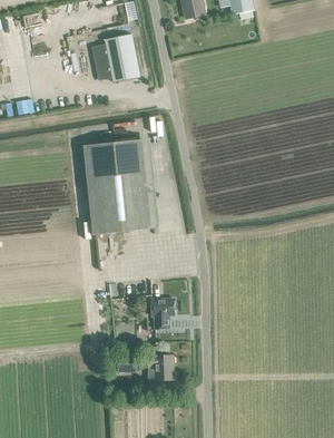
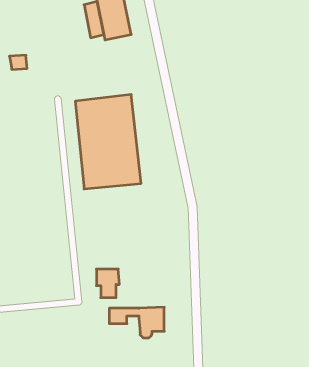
building: [151,299,175,328] -> [96,269,119,298]

